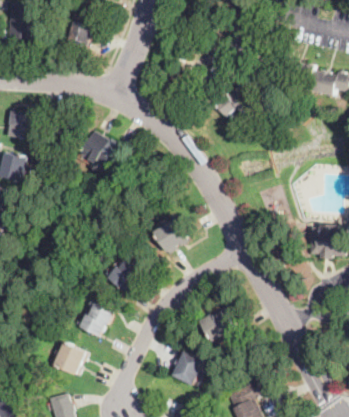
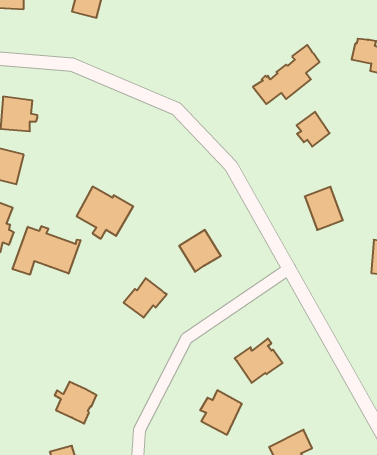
building: none -> [297,112,330,147]
building: [79,130,125,172] -> [77,187,133,238]
building: none -> [13,226,80,275]
building: [79,303,112,336] -> none

